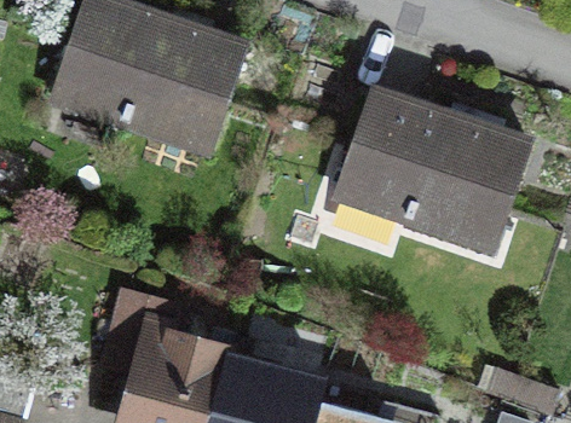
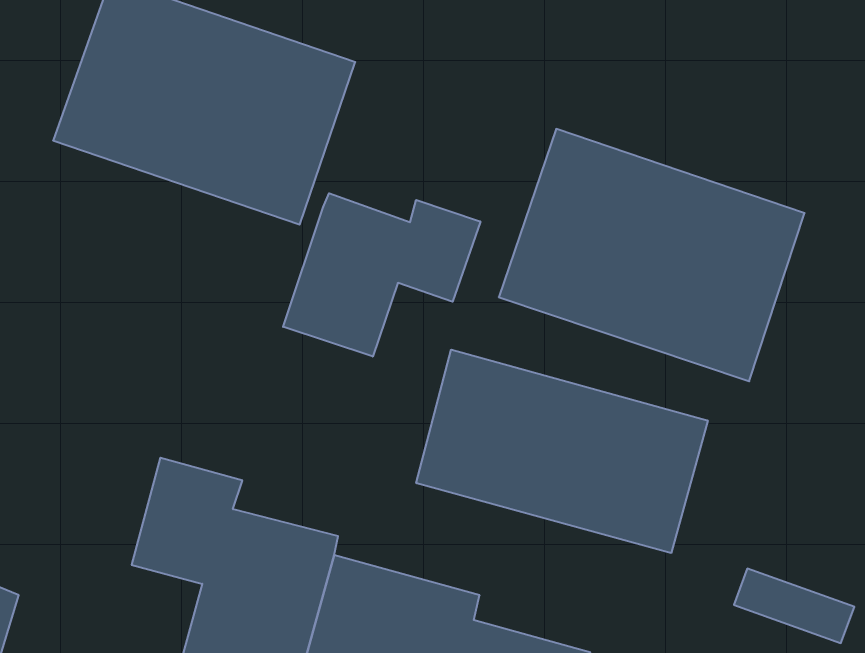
building: none -> [283,193,480,357]
building: none -> [416,350,708,553]

